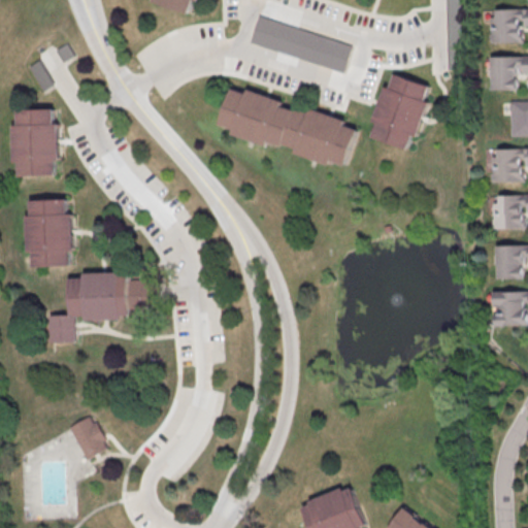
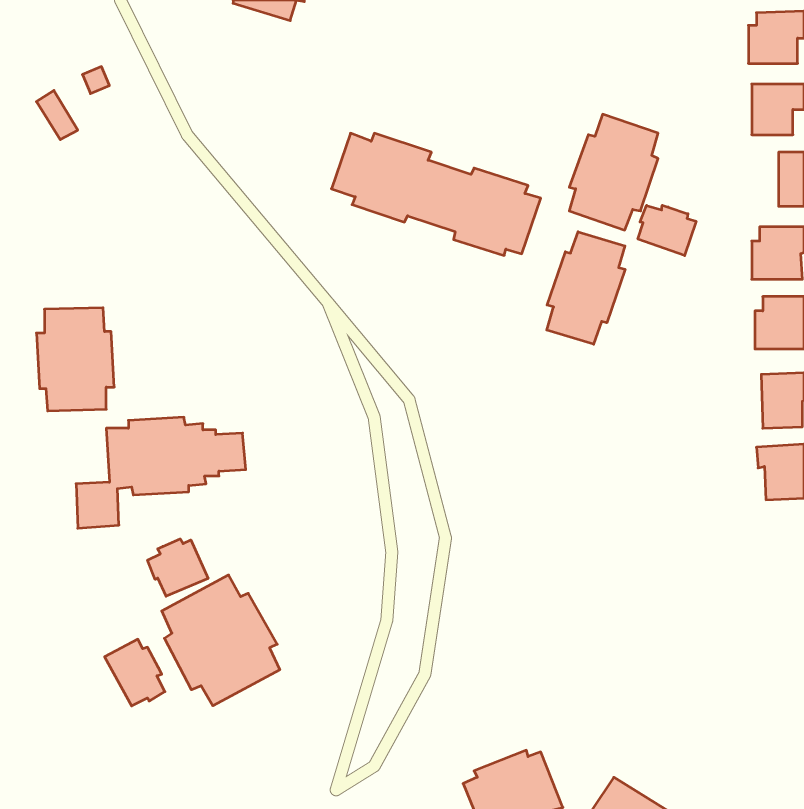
building: [245,14,349,72] -> none
building: [11,109,61,177] -> none
building: none -> [638,205,696,256]
building: none -> [547,232,625,344]
building: none -> [148,539,208,596]
building: none -> [162,575,280,706]

